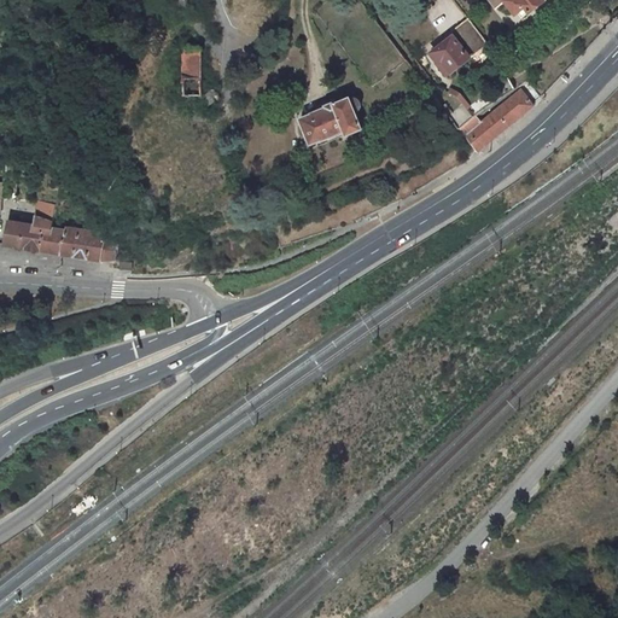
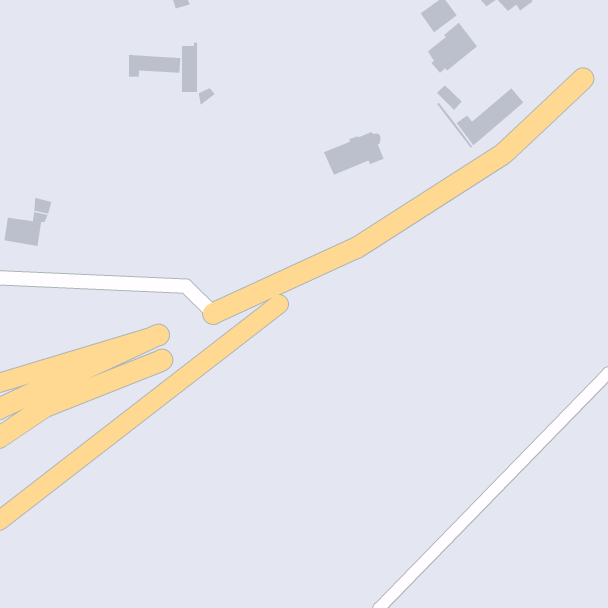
building: none -> [128,54,181,77]
building: [298,97,361,142] -> [323,130,385,176]
building: [39,226,115,260] -> none

